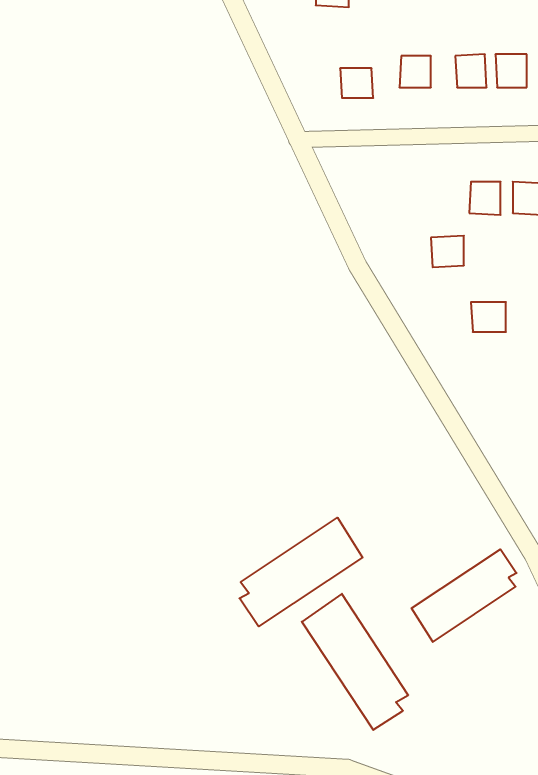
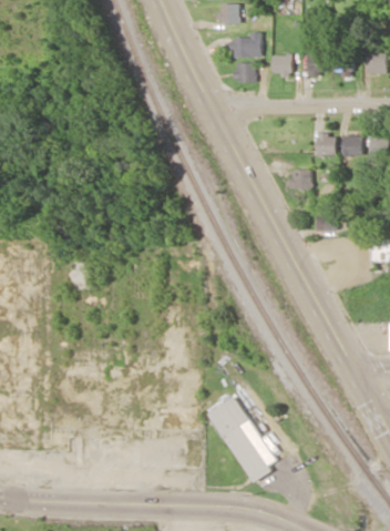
building: none -> [229,33,259,59]
building: [239,518,363,626] -> none
building: [412,549,517,642] -> none

